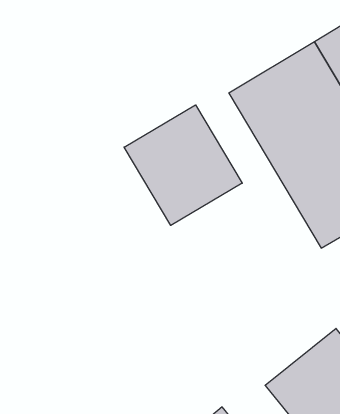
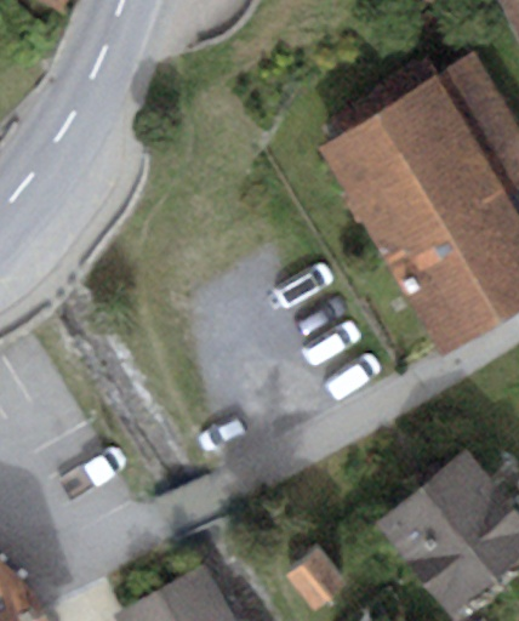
building: [124,105,242,225] -> none

